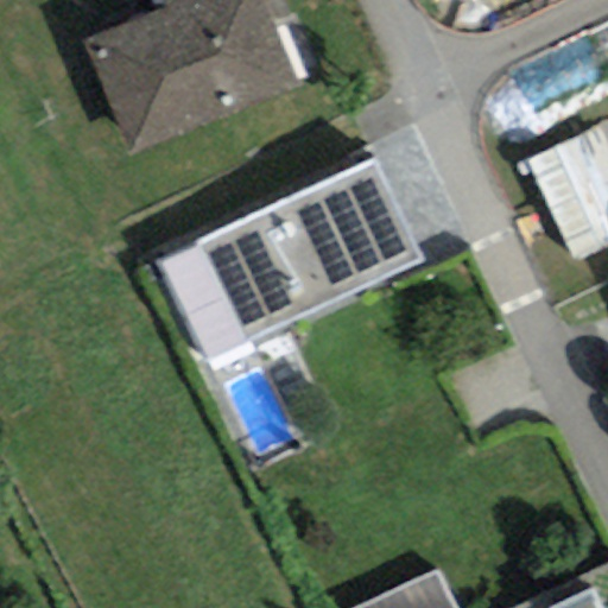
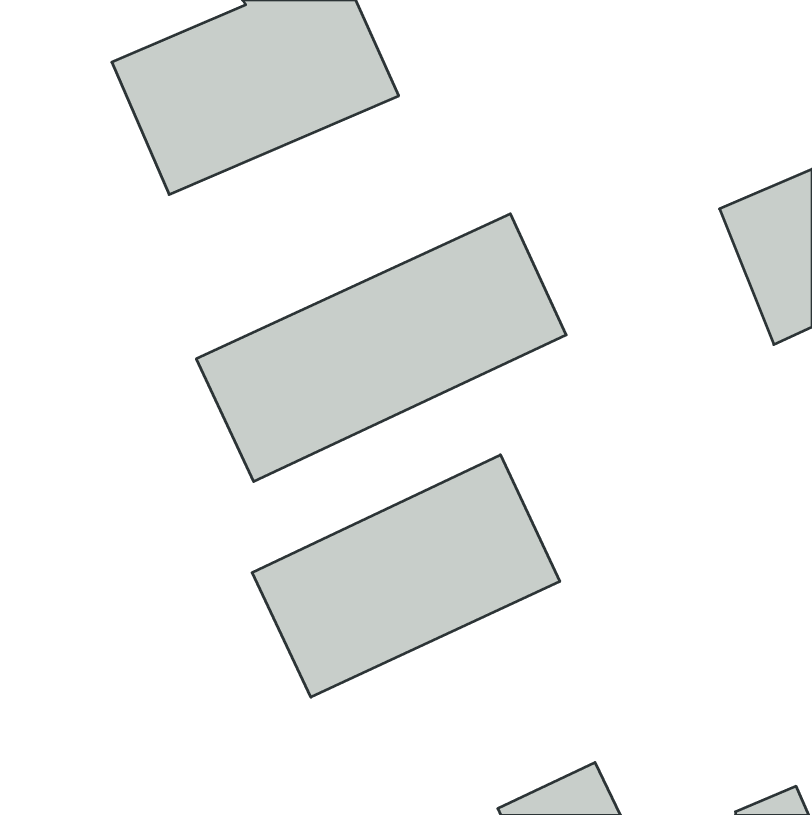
building: none -> [252,455,560,697]

